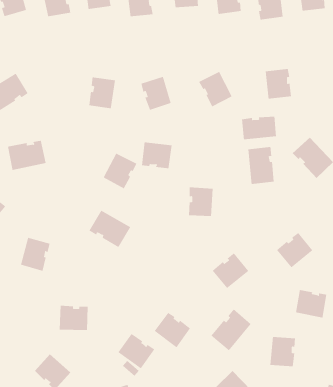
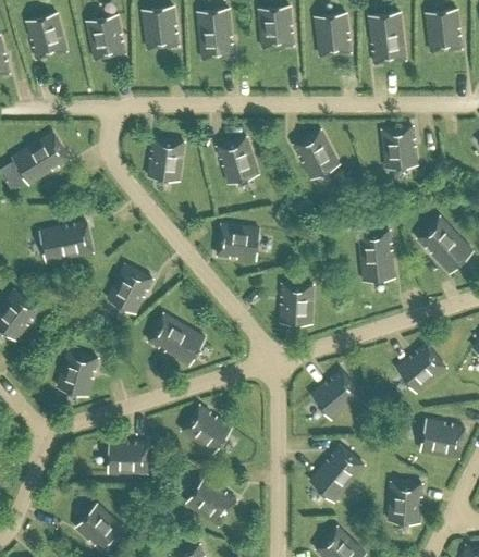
building: [242,116,276,140] -> none
building: [103,153,137,189] -> [107,265,152,313]
building: [154,312,191,348] -> [182,406,231,454]

